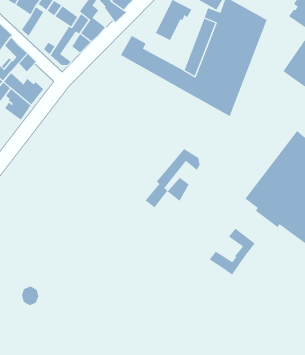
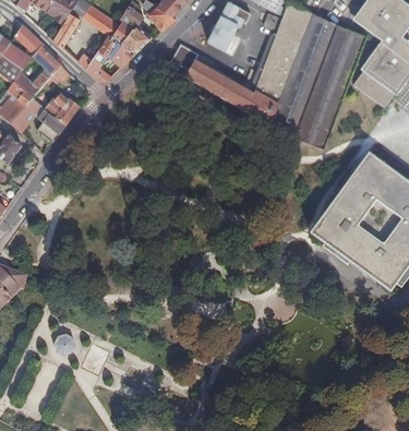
building: none -> [293,27,365,149]
building: [145,148,200,208] -> none
building: [209,228,255,276] -> none

